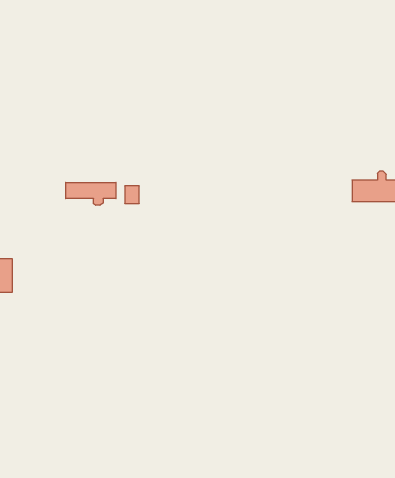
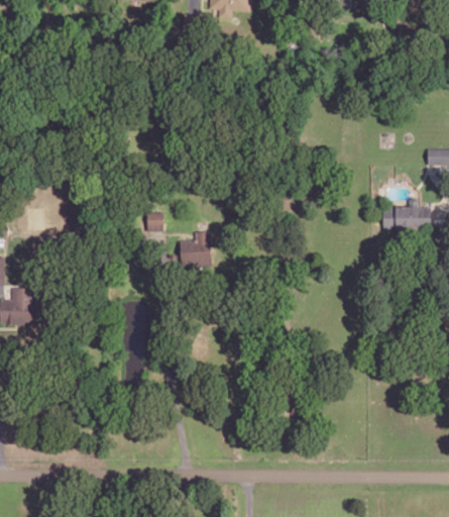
building: [66,182,116,205] -> none
building: none -> [181,231,211,260]

